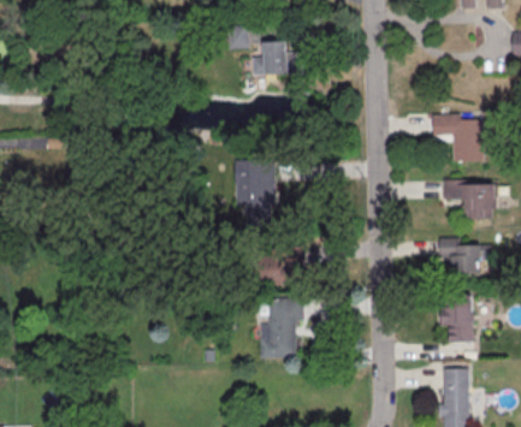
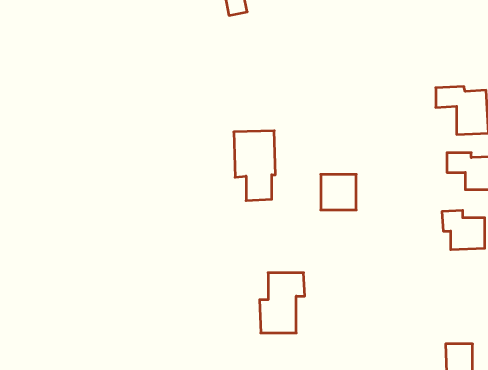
building: [253,40,288,73] -> none
building: [265,248,300,283] -> [321,174,356,210]
building: [443,296,474,344] -> none

